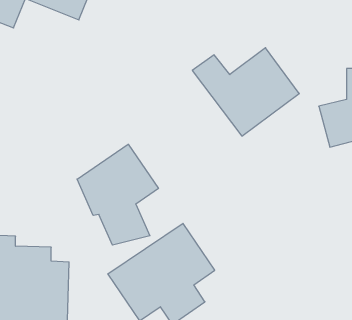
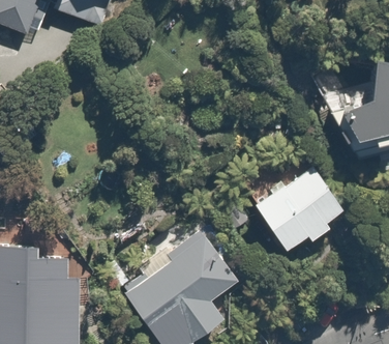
building: [192,48,299,136] -> [239,161,351,253]
building: [77,144,158,245] -> none

